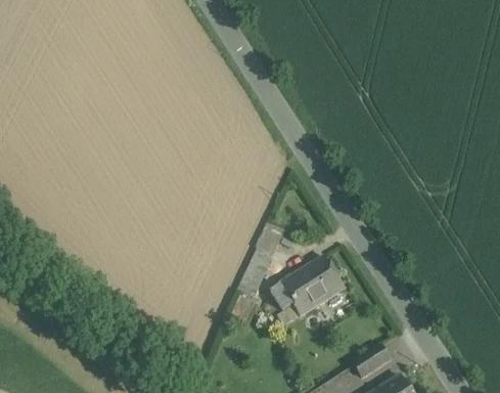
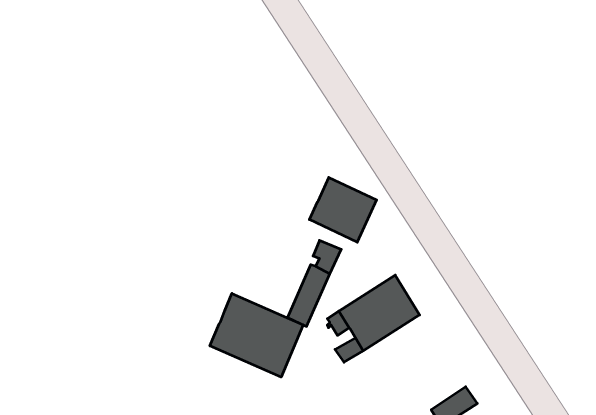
building: none -> [309,177,377,242]
building: none -> [210,293,303,377]

